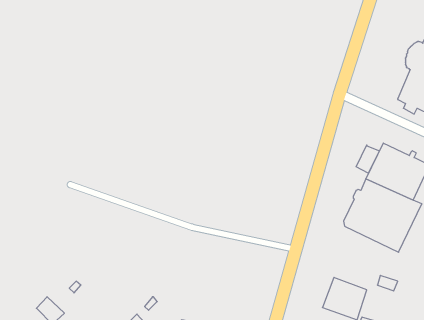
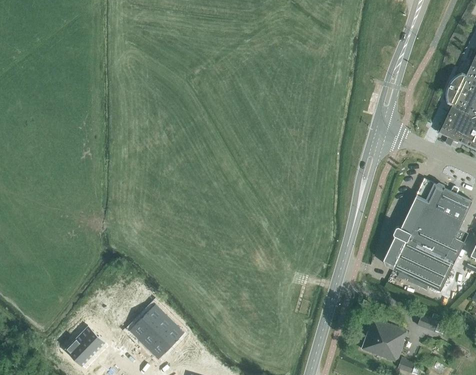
building: [356,145,379,173] -> none
building: none -> [132,307,182,357]
building: none -> [76,326,105,355]

